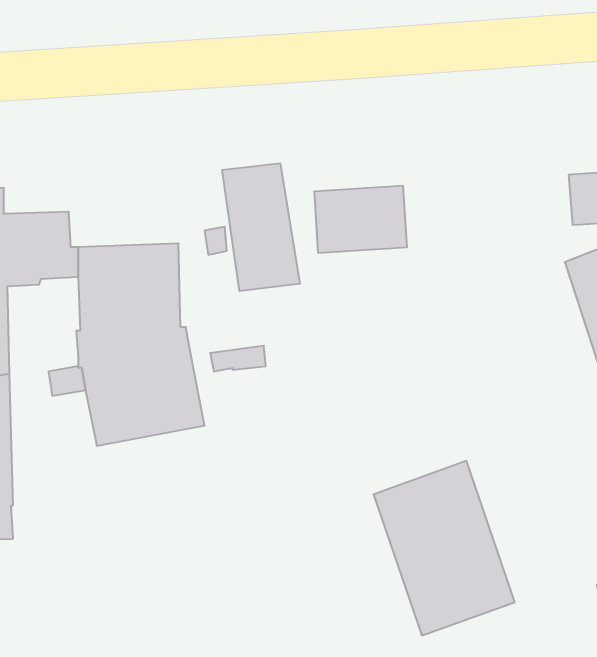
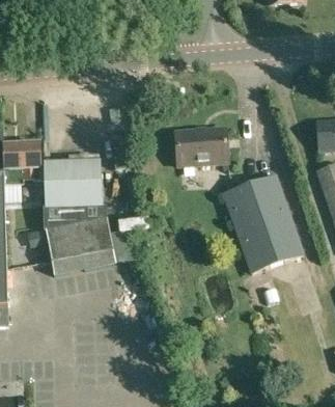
building: [222,163,300,291] -> none
building: [373,461,515,635] -> [224,173,303,271]

